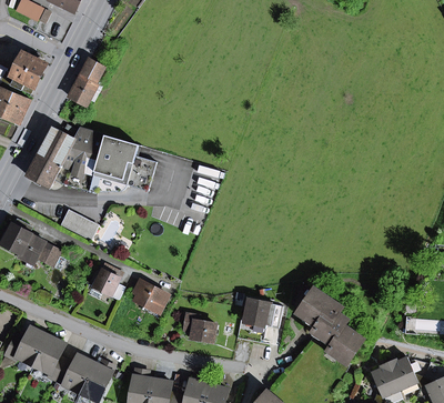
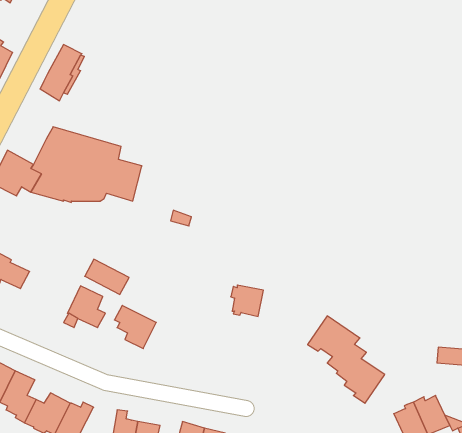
building: [41,127,74,160] -> none
building: [60,210,98,240] -> [85,259,129,294]
building: [242,299,270,325] -> [231,285,263,316]
building: [184,313,214,342] -> none

